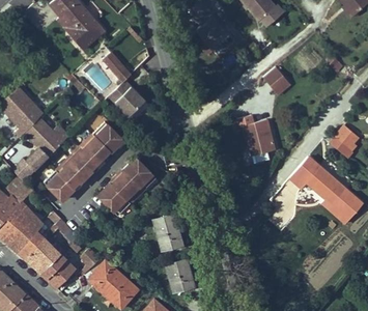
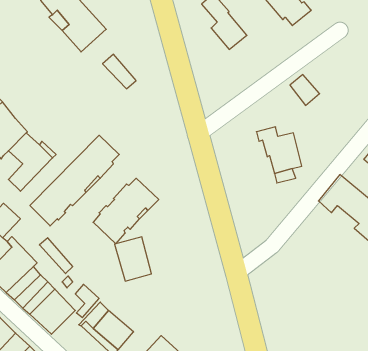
building: [110,81,145,116] -> none
building: [152,211,185,250] -> [115,237,151,281]
building: [166,258,195,291] -> none

